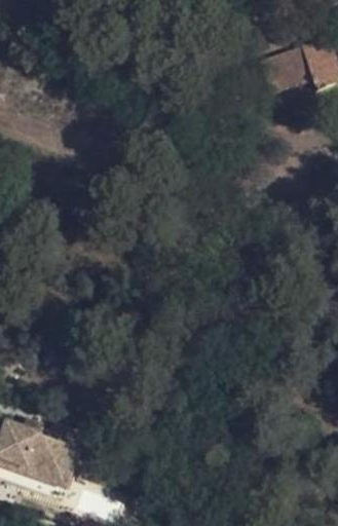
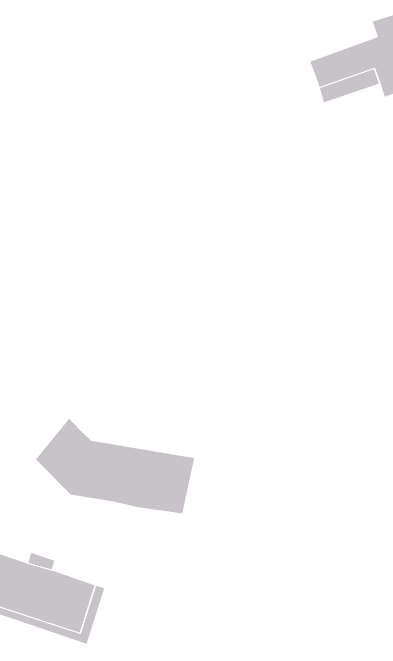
building: none -> [35,418,195,514]

